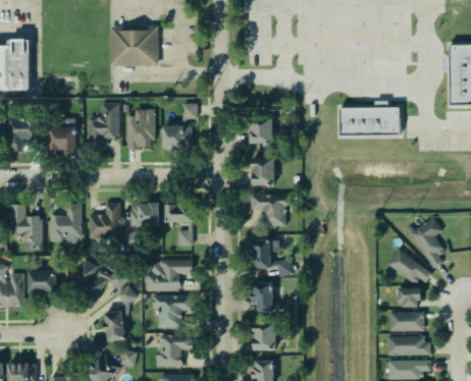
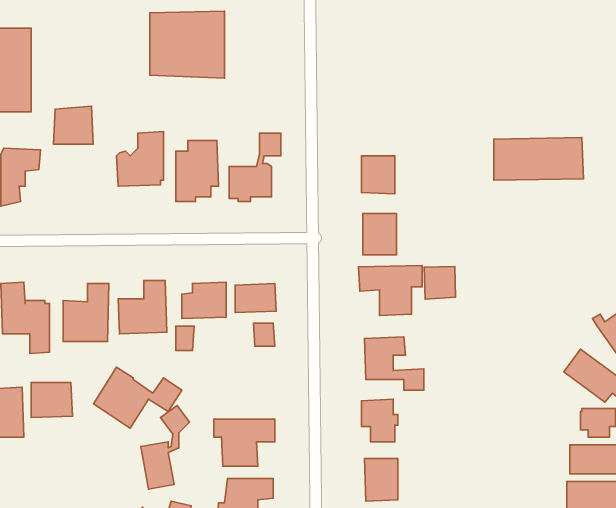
building: [48,122,74,148] -> [54,106,93,144]
building: none -> [424,266,456,299]
building: [146,260,192,291] -> none

